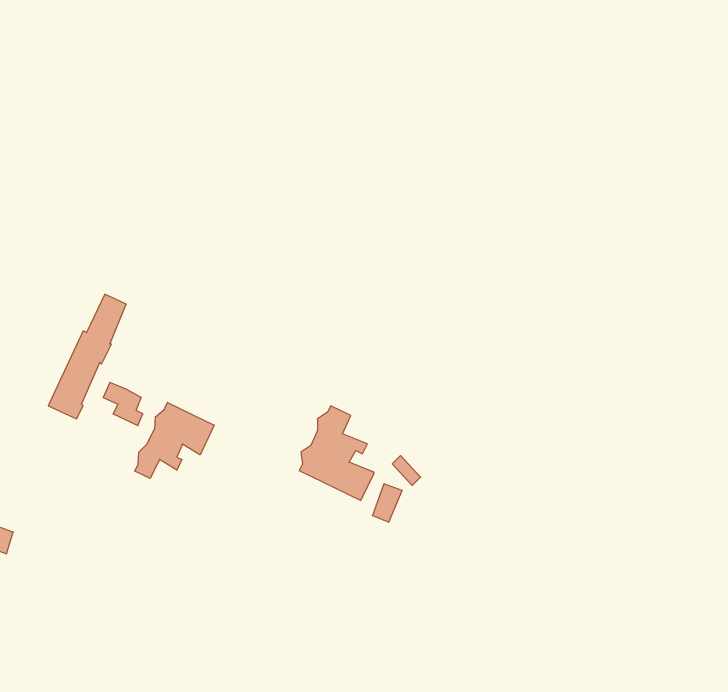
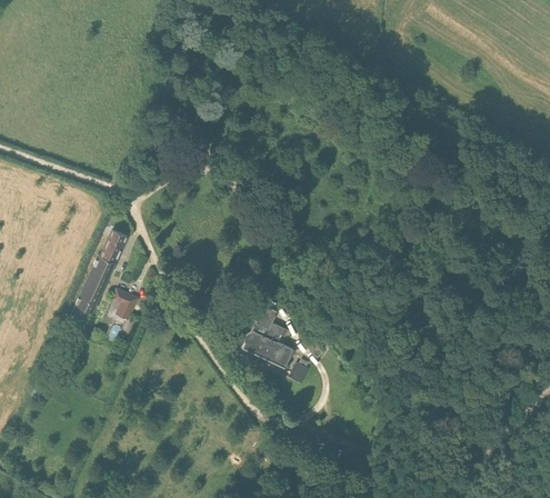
building: [135,402,214,478] -> none

